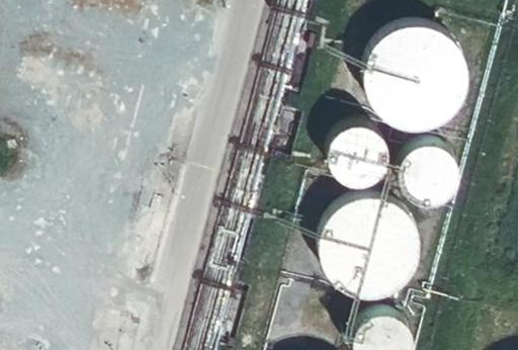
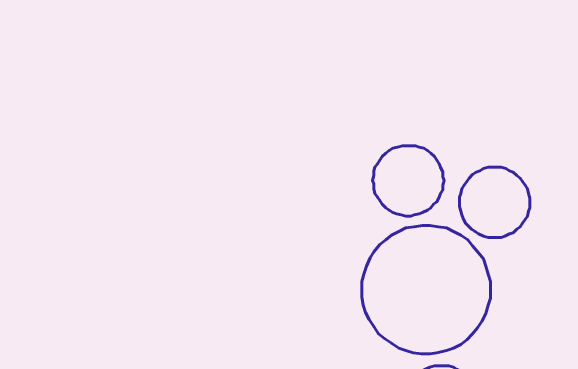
building: [360,23,469,134] -> none

